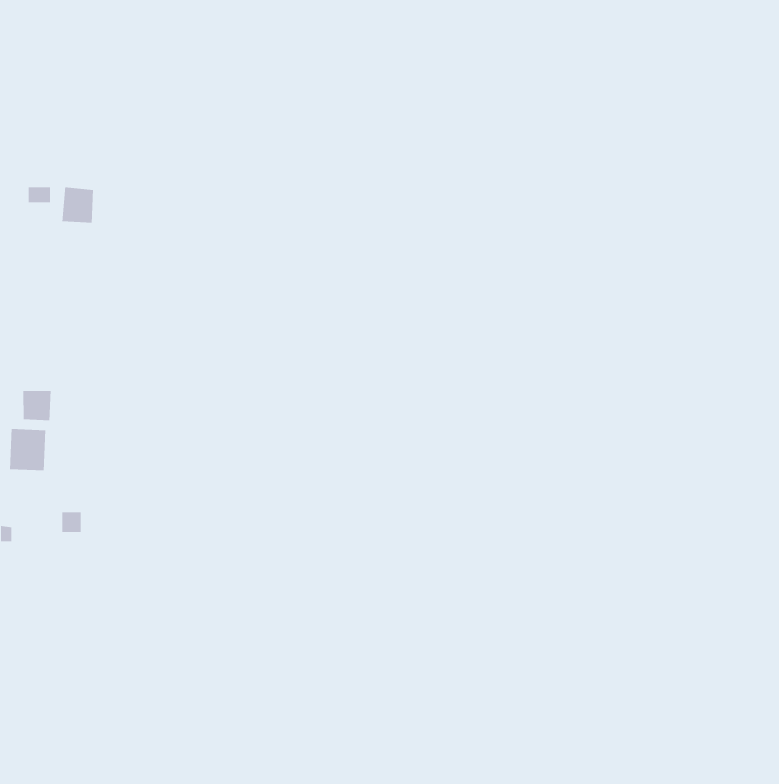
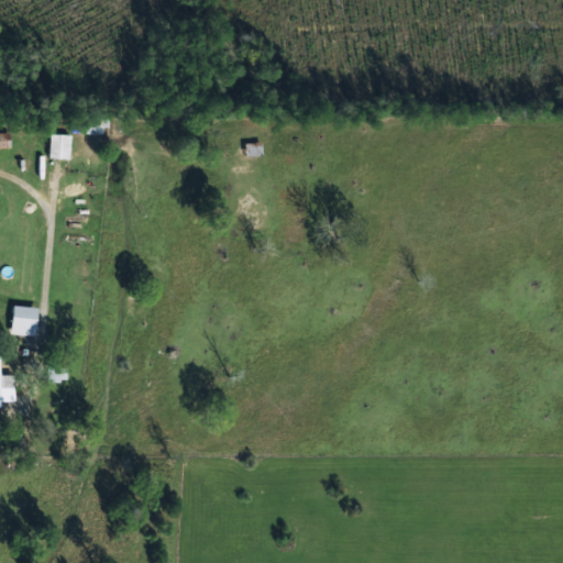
building: [23,390,51,421] -> none

